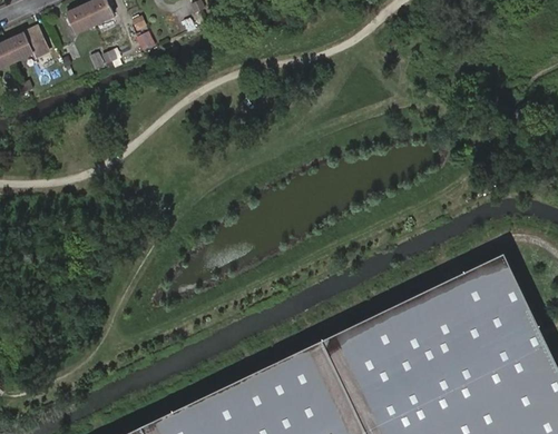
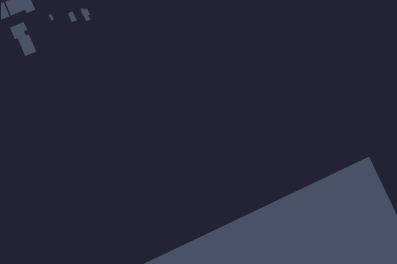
building: none -> [9,21,37,57]

